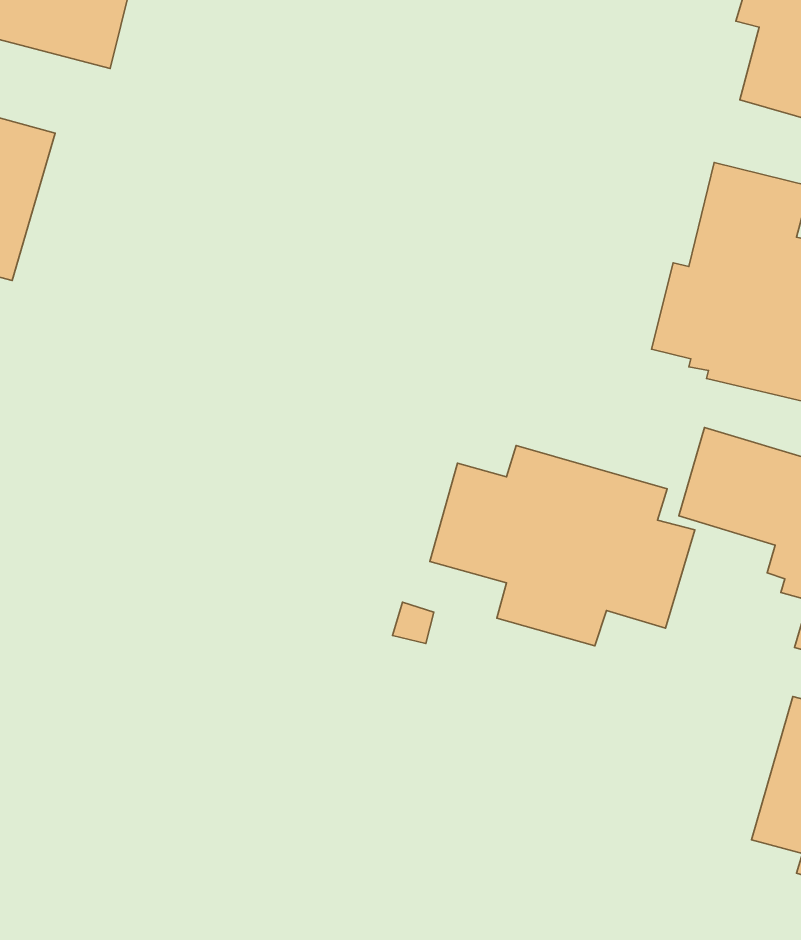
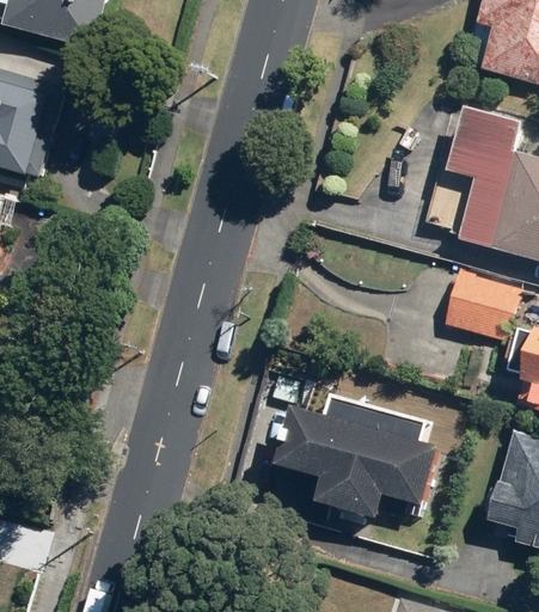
building: [430,446,695,646] -> [276,393,437,515]

